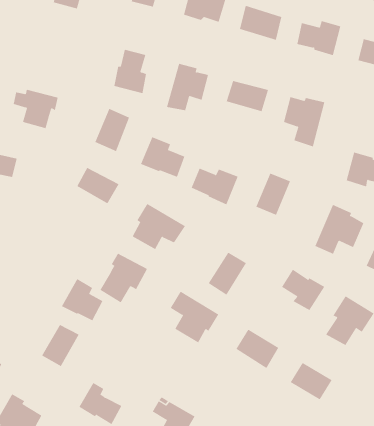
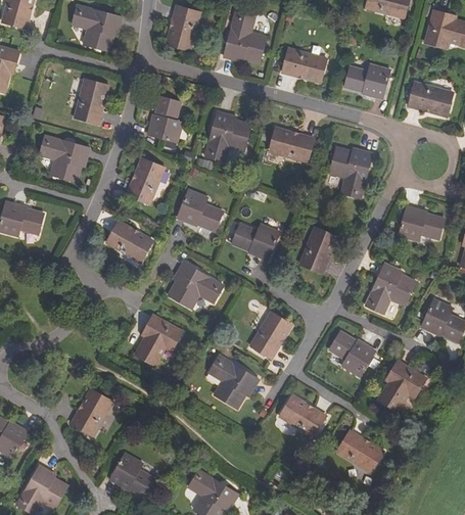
building: none -> [74,80,106,125]
building: [61,278,103,321] -> none

